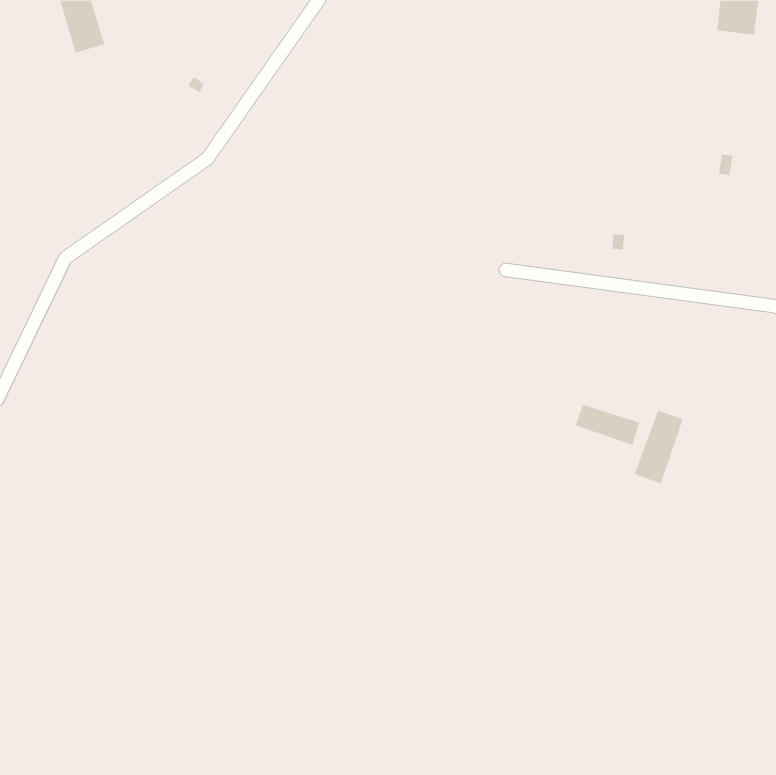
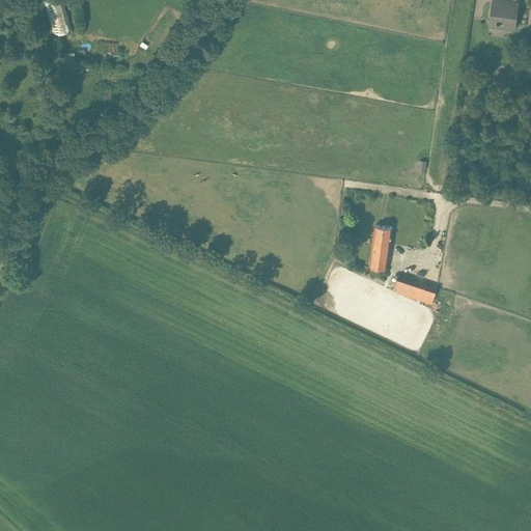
building: none -> [368,227,390,271]
building: [634,410,684,484] -> none

